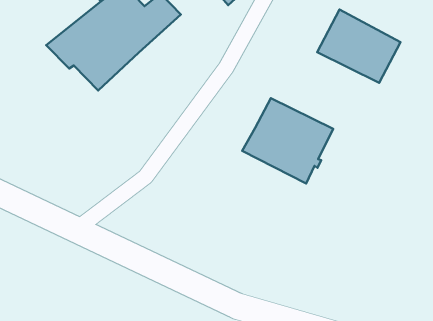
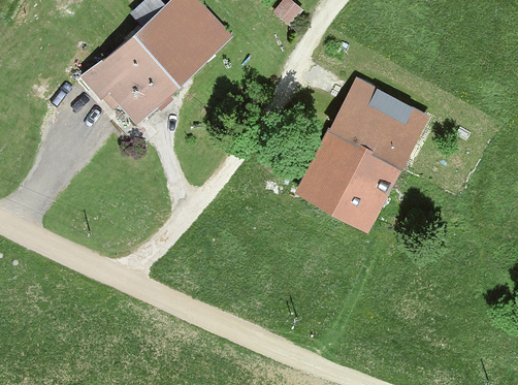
building: [317,10,401,83] -> [330,86,423,167]

